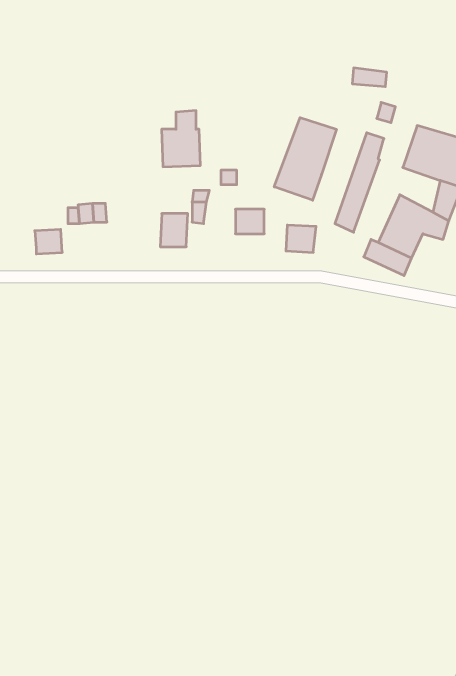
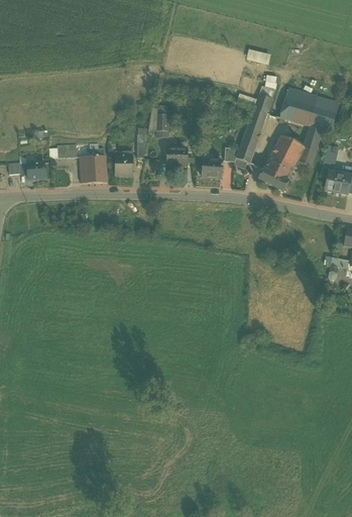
building: [162,111,200,167] -> [80,142,107,182]
building: [274,118,336,200] -> none

